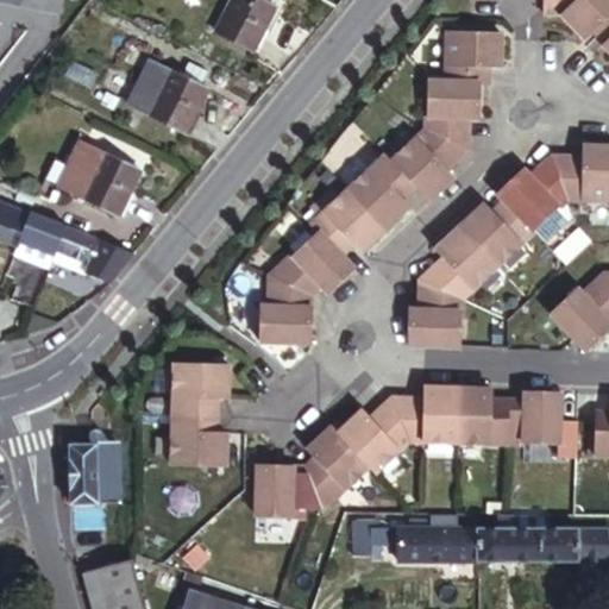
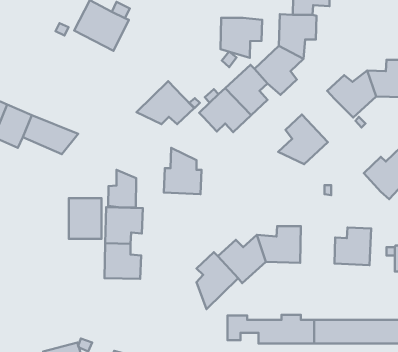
building: none -> [221,18,262,58]
building: [58,142,138,214] -> none
building: [459,203,534,266] -> none
building: [269,230,353,293] -> [136,81,194,124]
building: [408,281,463,347] -> none
building: none -> [108,170,136,208]
building: [457,389,508,444] -> none
building: [69,444,117,503] -> [69,198,101,239]
building: [256,464,320,517] -> none

